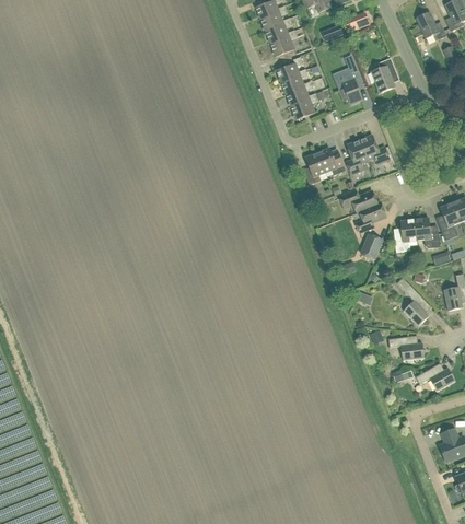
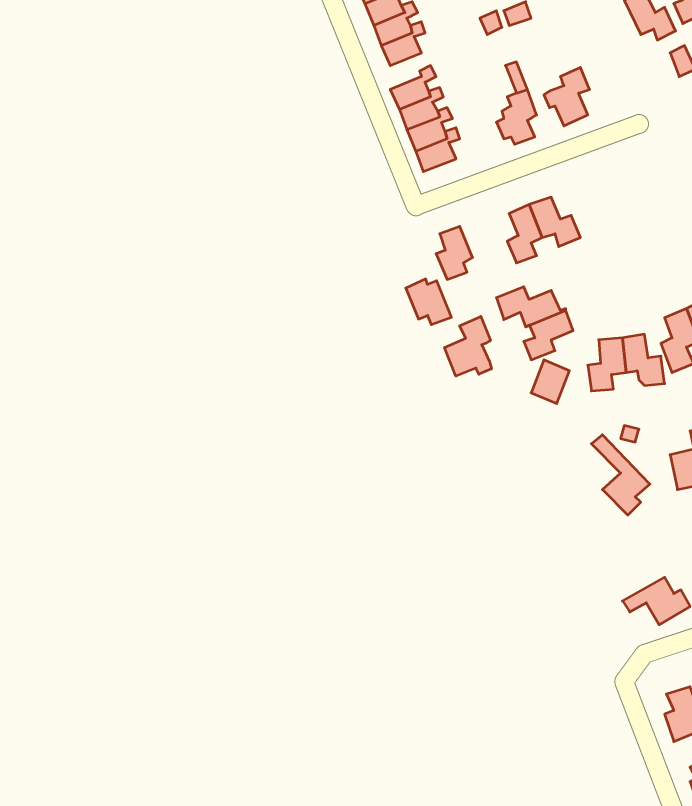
building: [317,147,345,174] -> [406,279,451,325]
building: none -> [445,316,491,376]
building: [388,335,423,360] -> none

